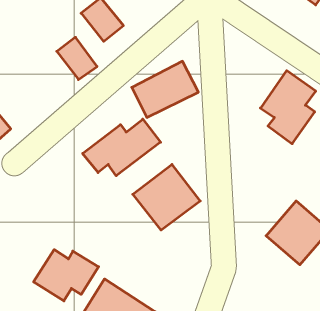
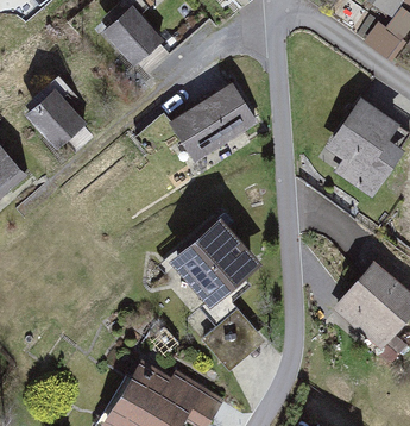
building: [57,37,97,80] -> [27,92,78,145]
building: [83,119,161,176] -> none
building: [34,250,99,301] -> none

